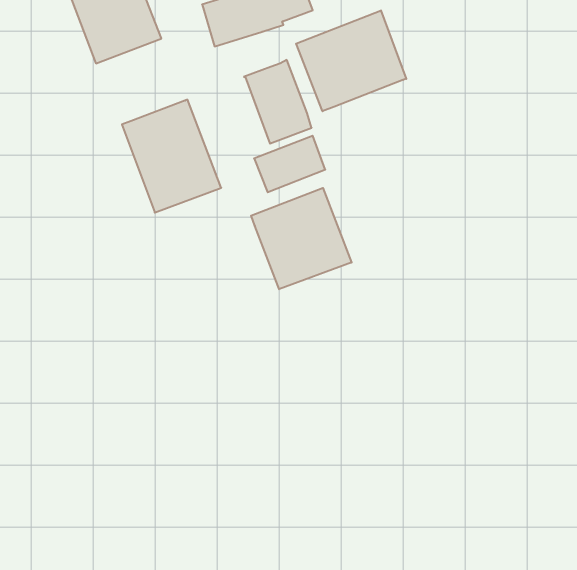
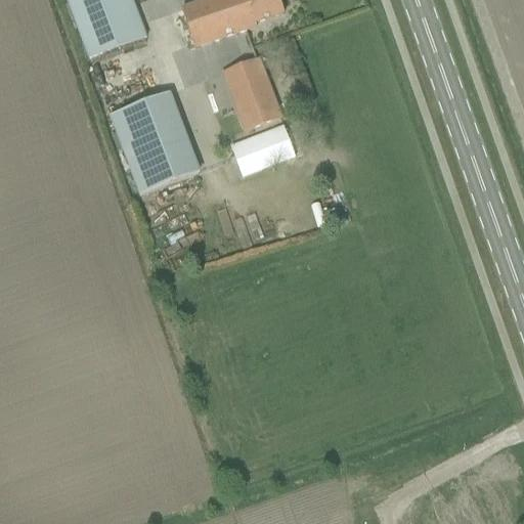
building: [296,10,406,111] -> none
building: [251,188,352,289] -> none

